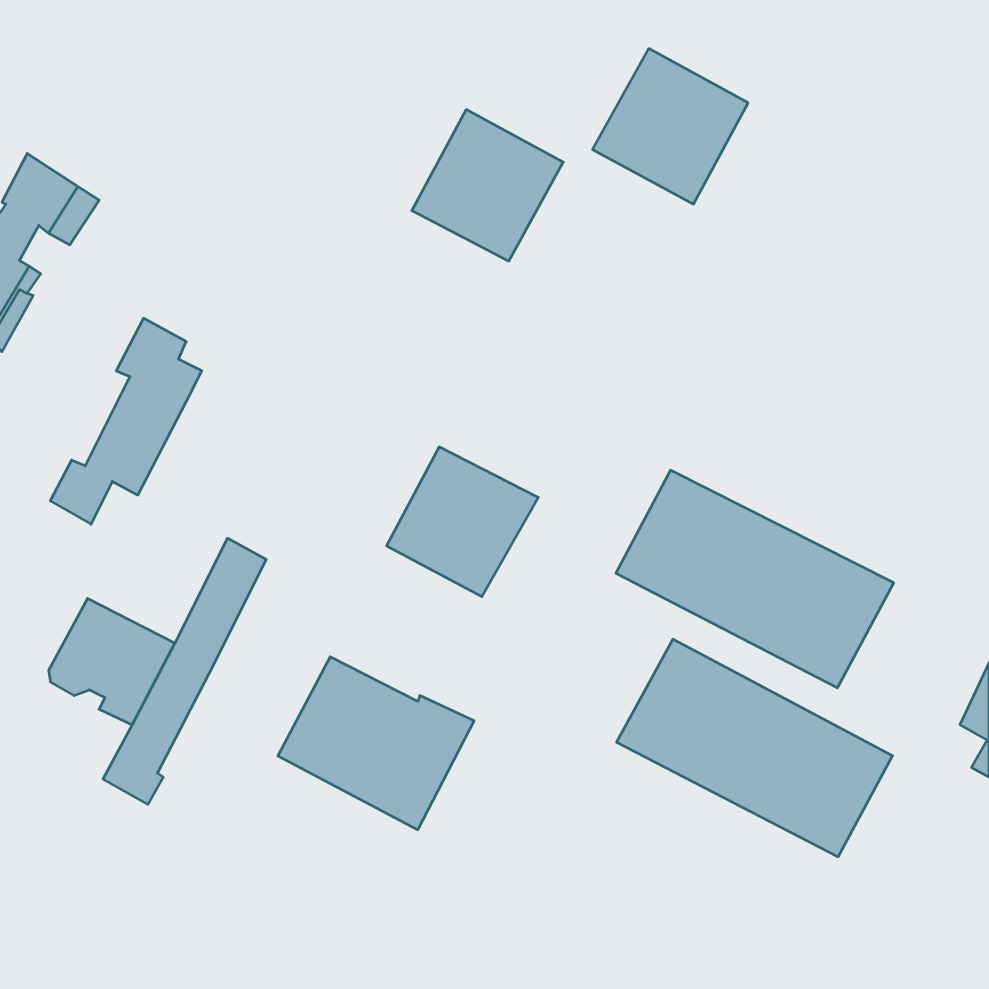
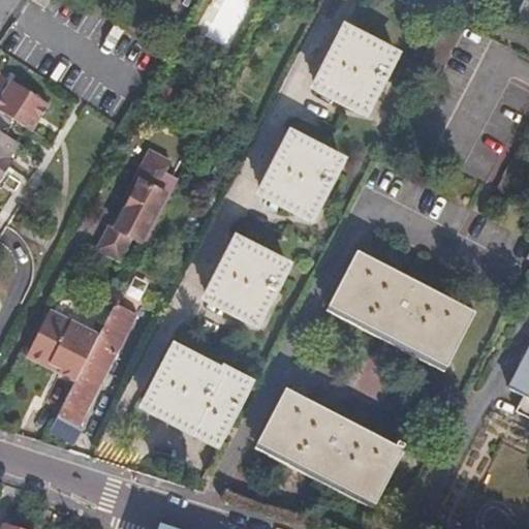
building: [412,110,563,261] -> [260,132,341,213]
building: [50,318,202,524] -> [96,150,177,259]
building: [617,639,893,857] -> [255,386,402,502]

